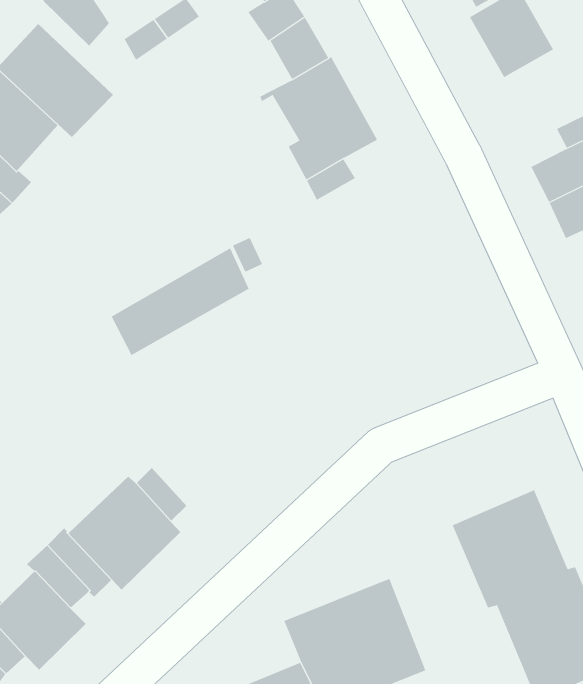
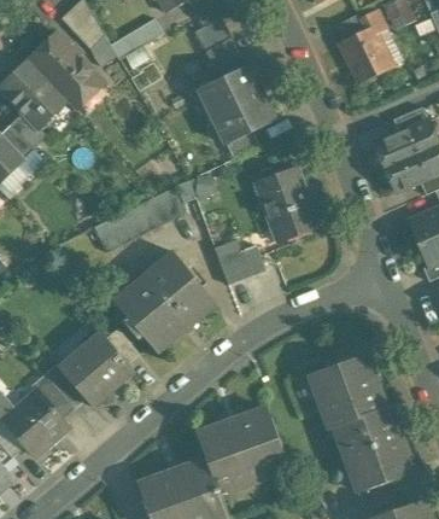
building: none -> [253,167,317,243]
building: none -> [212,240,264,286]
building: none -> [112,251,215,352]

